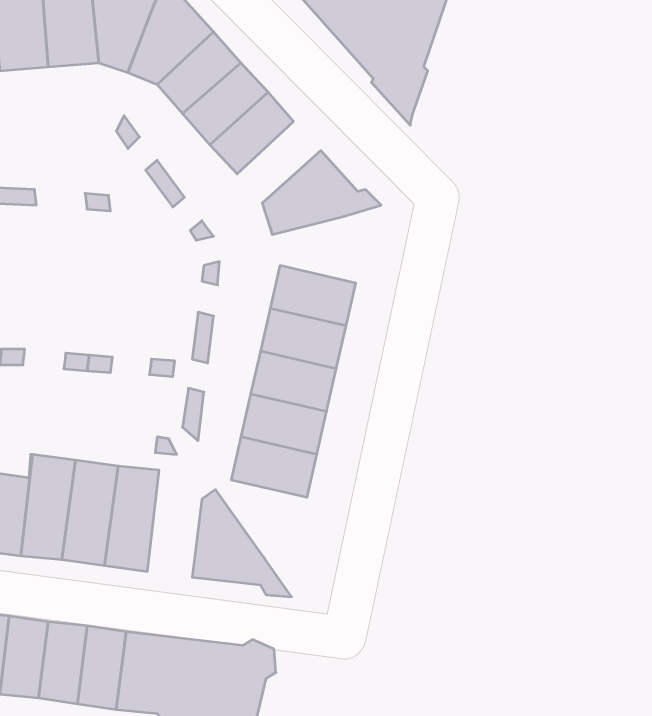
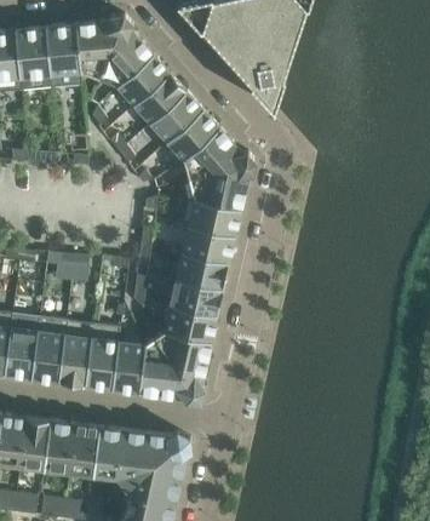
building: none -> [166,109,218,160]
building: none -> [188,161,256,210]
building: none -> [110,326,144,393]
building: none -> [153,332,210,405]

